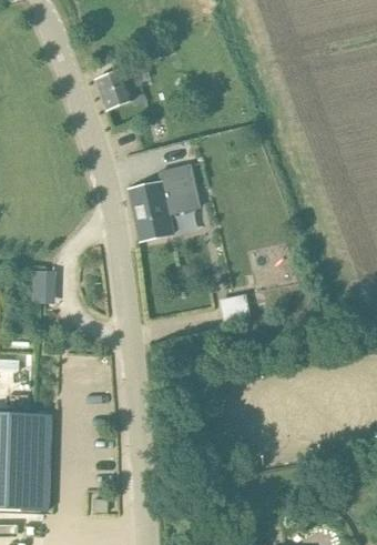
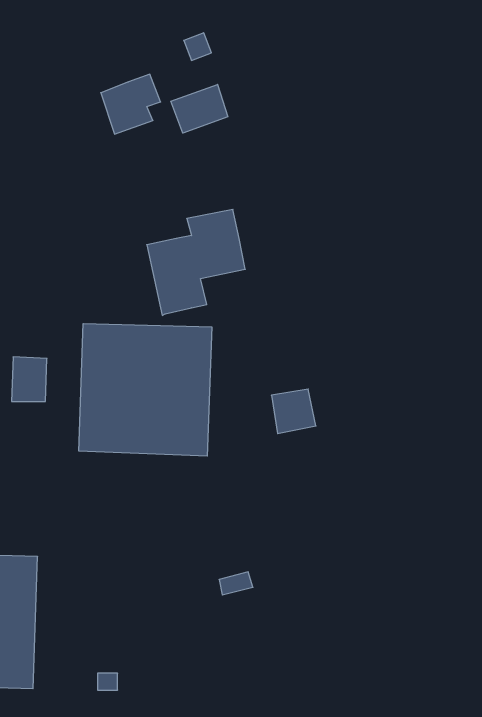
building: none -> [171,84,228,133]
building: none -> [79,324,212,456]

